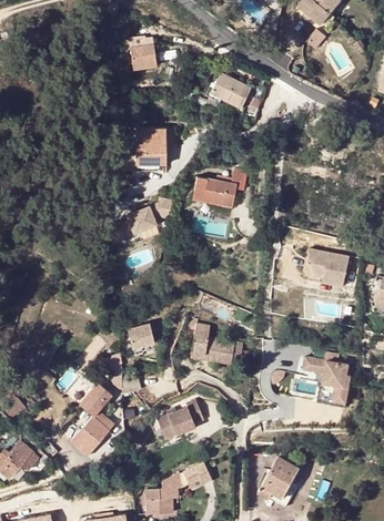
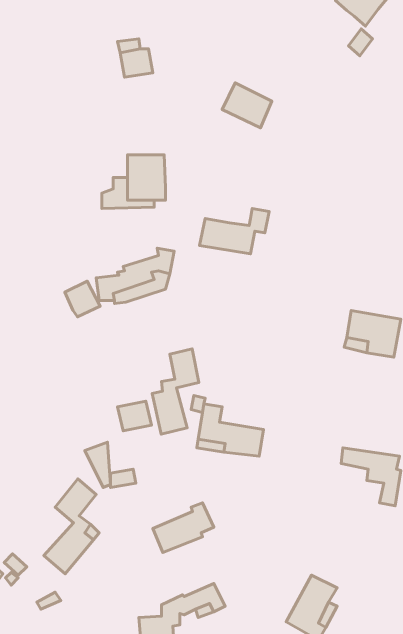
building: none -> [65,281,100,317]
building: none -> [152,349,199,434]

